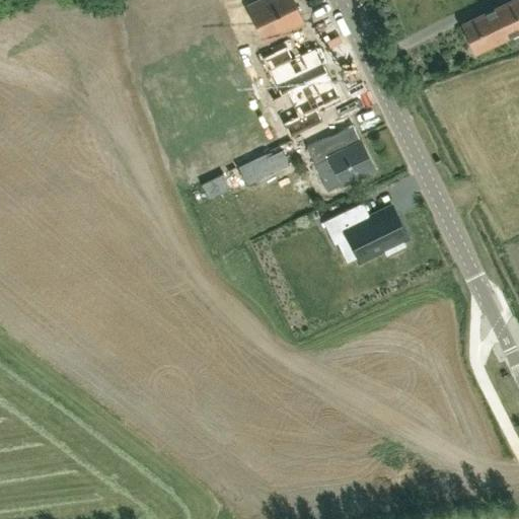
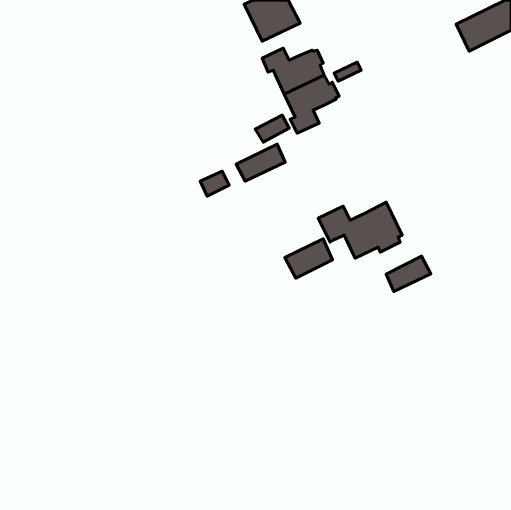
building: [308,128,373,184] -> none
building: none -> [285,239,333,278]
building: none -> [386,256,431,292]

